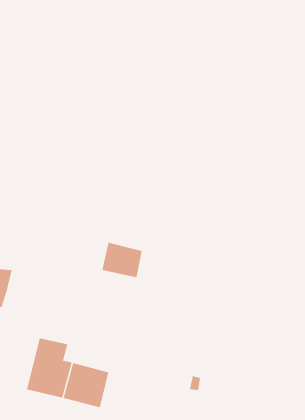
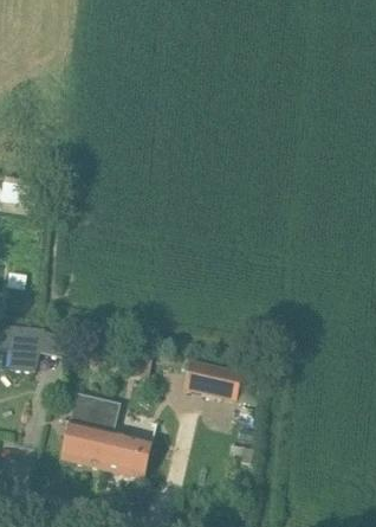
building: [101,242,142,278] -> [186,359,231,398]

